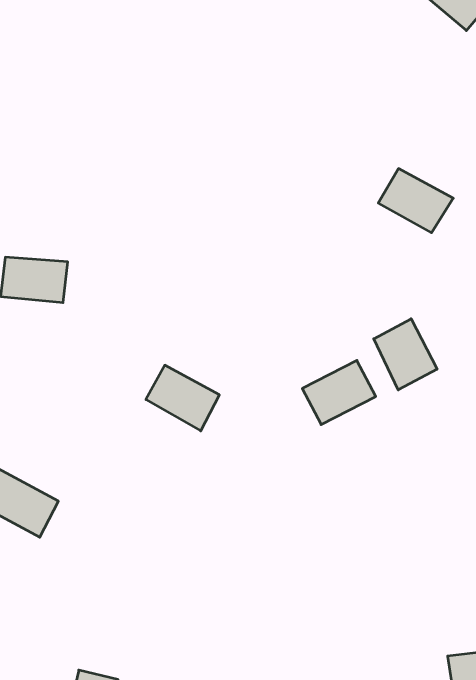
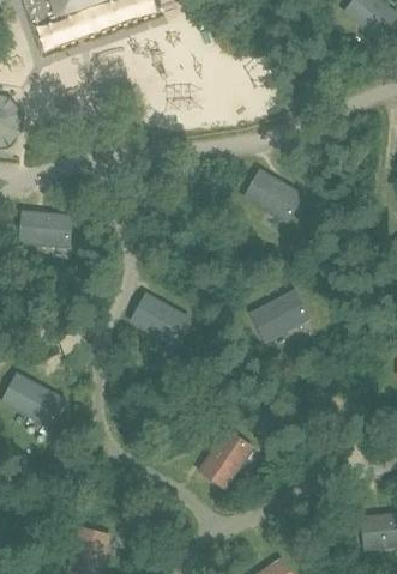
building: [378,169,453,233] -> [243,171,301,220]
building: [374,319,437,390] -> none
building: none -> [198,430,251,488]

